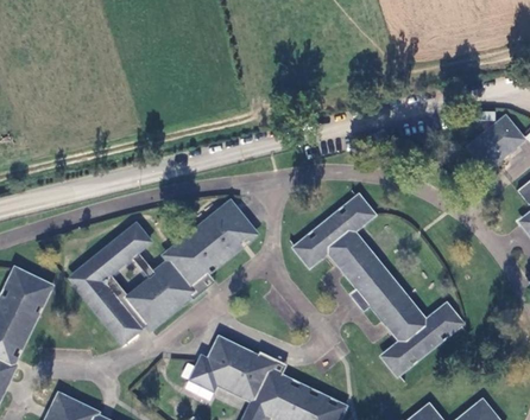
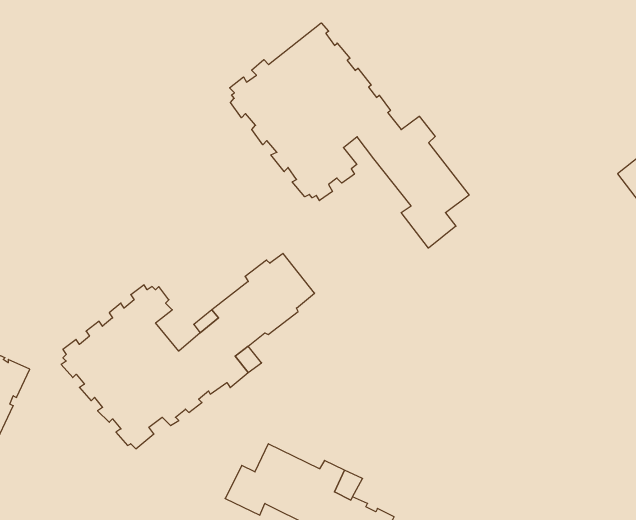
building: none -> [230,23,469,248]
building: [296,196,460,370] -> none

